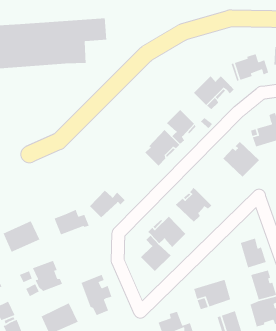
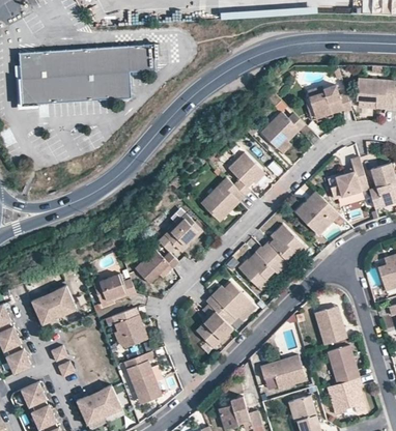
building: none -> [157,213,201,252]
building: none -> [261,224,304,268]
building: [32,260,63,292] -> [109,308,146,346]

